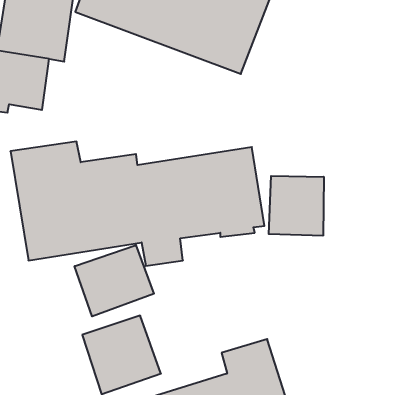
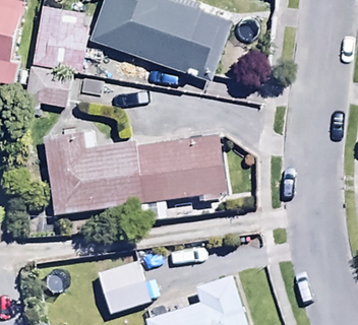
building: [269,176,324,236] -> none
building: [75,245,154,316] -> none

